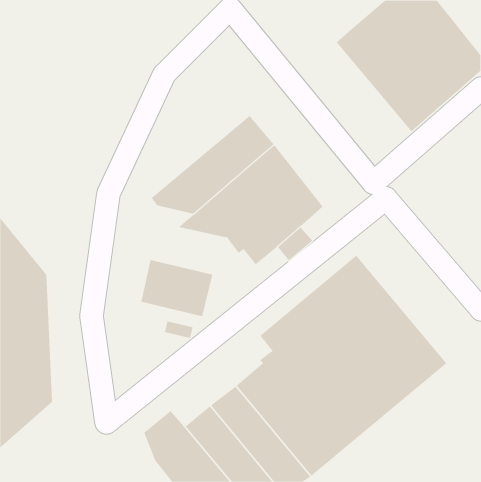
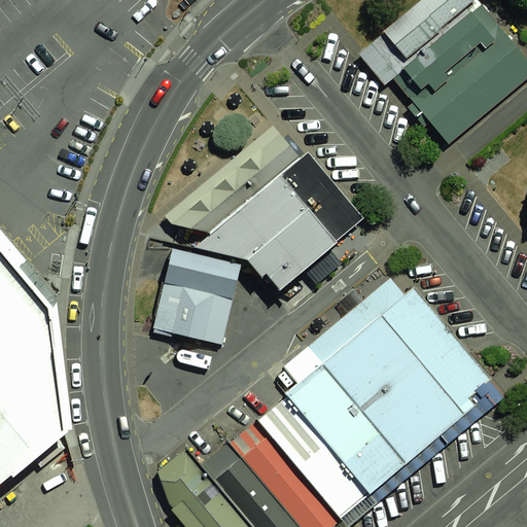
building: none -> [164,249,241,300]

